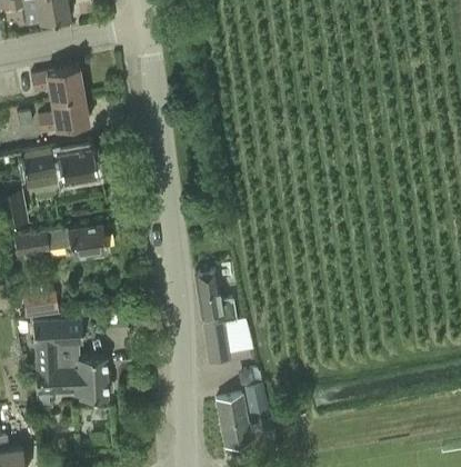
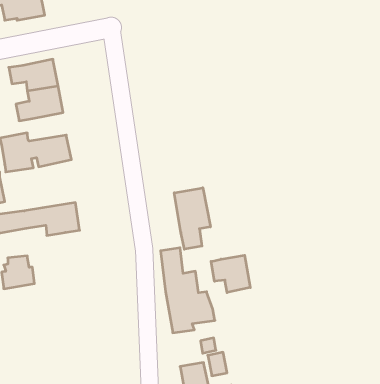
building: none -> [174,188,210,249]
building: none -> [211,255,250,293]
building: [30,319,114,397] -> none

